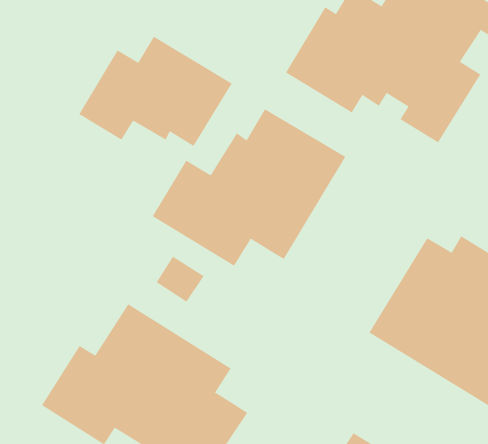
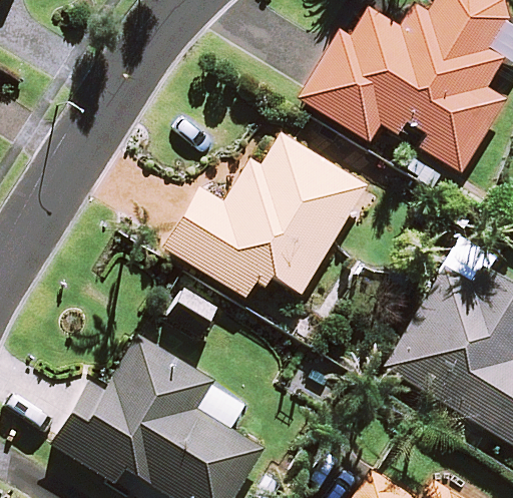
building: [78,36,232,147] -> none

